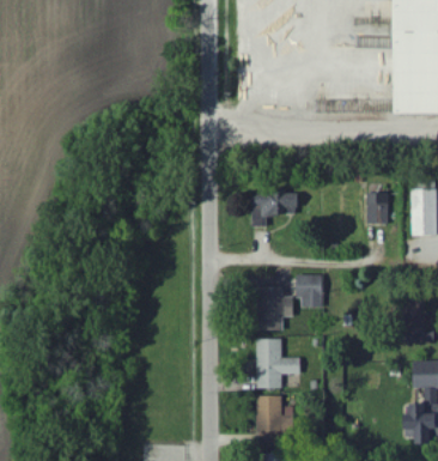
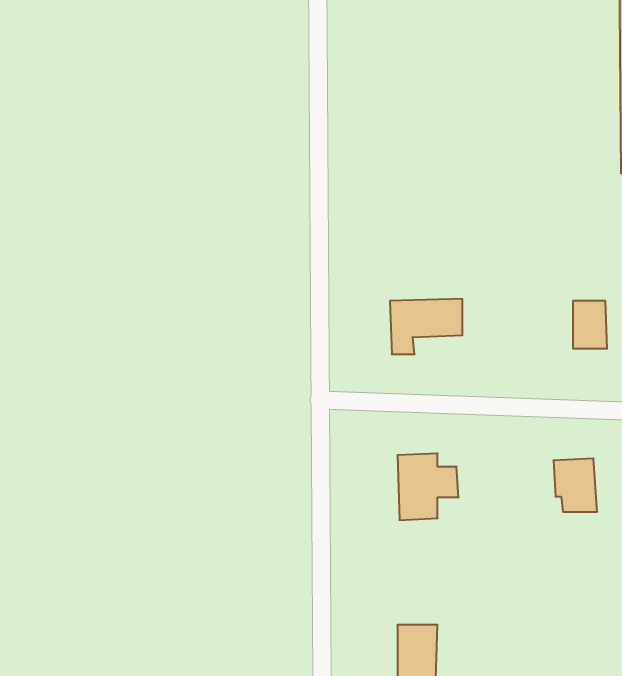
building: [294,274,322,308] -> [553,458,597,512]
building: [254,339,298,388] -> none

